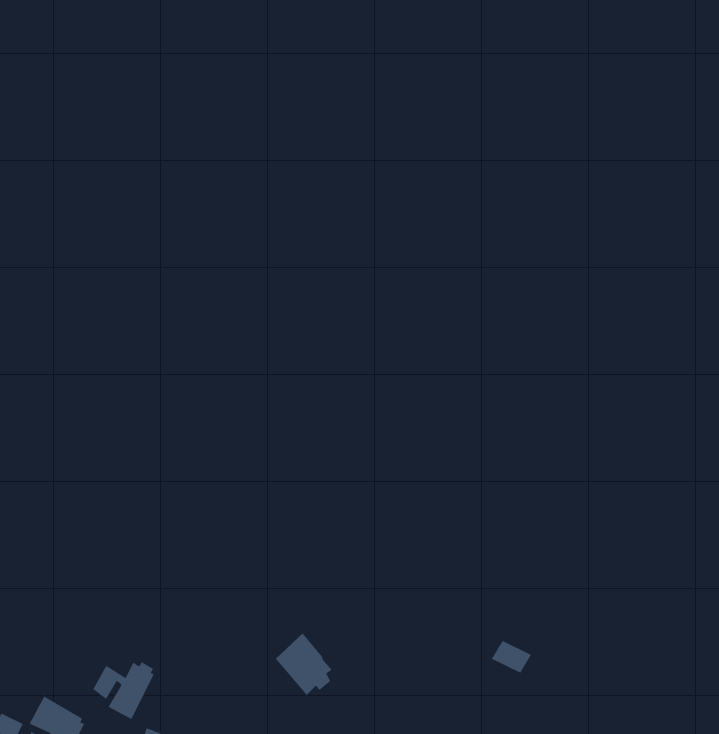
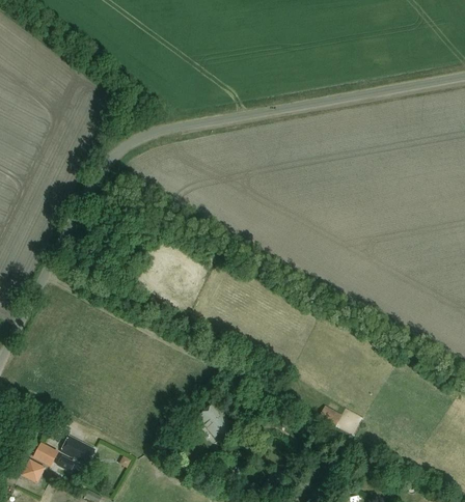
building: [92,661,154,720] -> none

